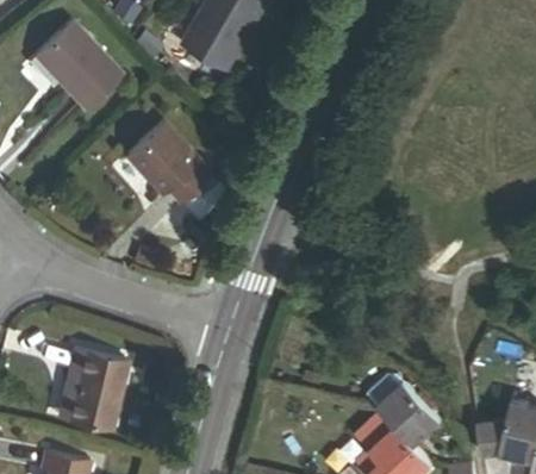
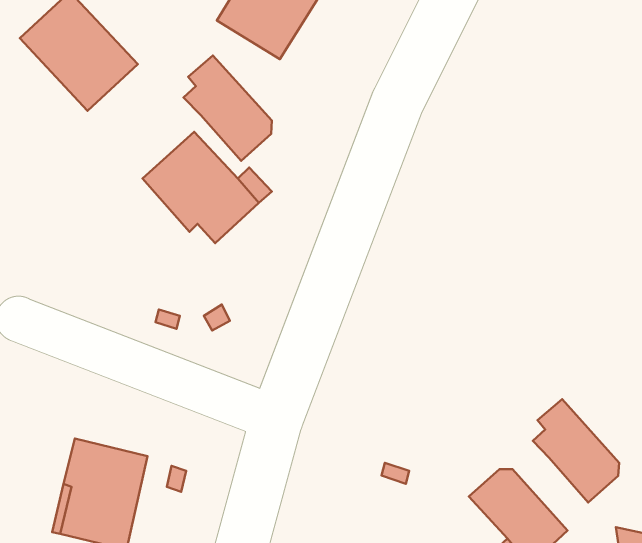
building: none -> [184,55,272,161]
building: none -> [533,399,619,503]

